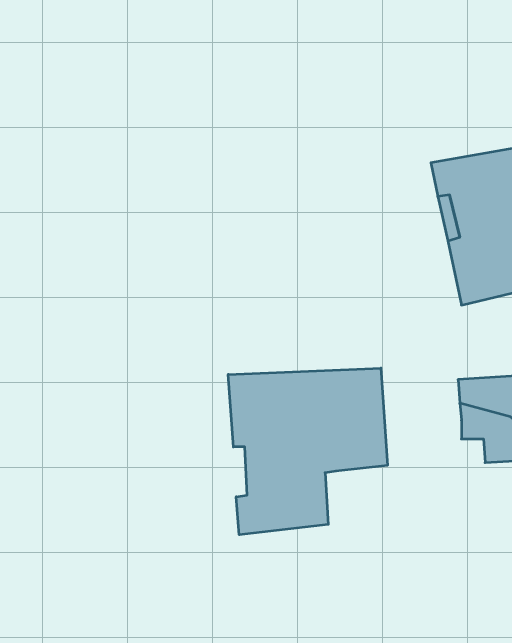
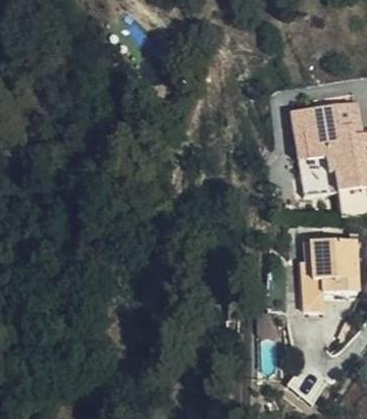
building: [228,368,387,535] -> none
building: none -> [300,267,325,315]

